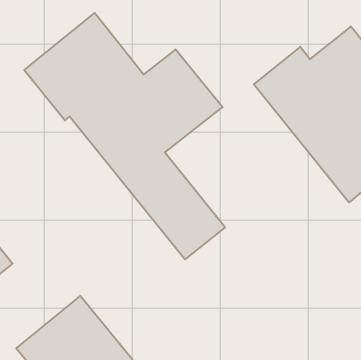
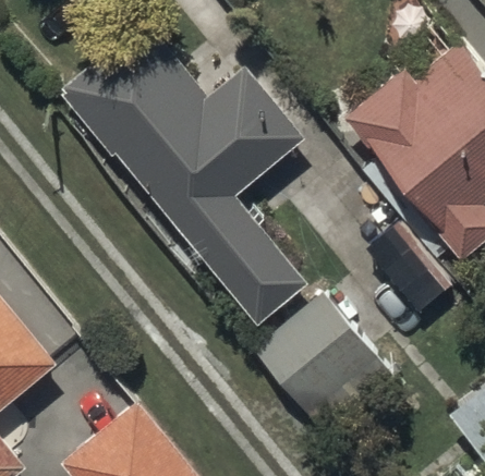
building: none -> [254,288,400,438]

